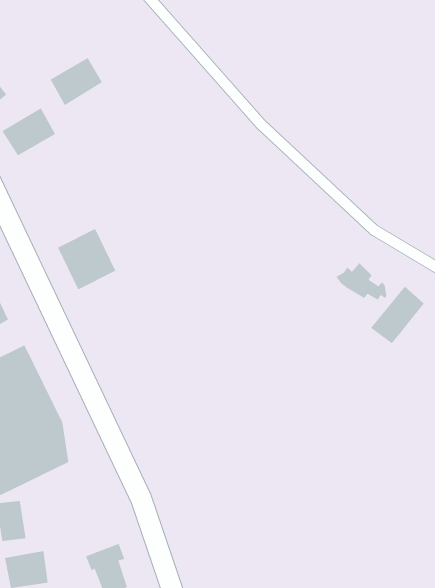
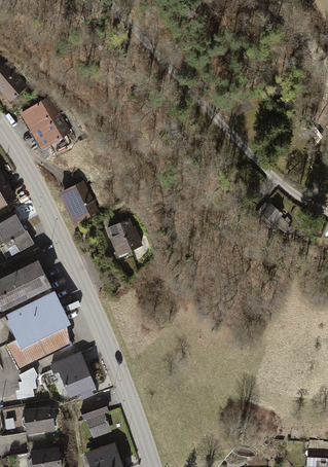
building: [50,57,103,106] -> [34,115,71,149]
building: [370,286,424,344] -> none
building: none -> [102,222,134,257]
building: none -> [51,352,97,396]

